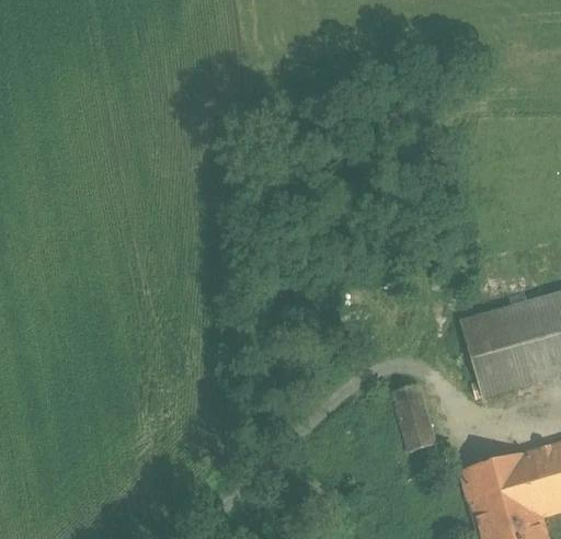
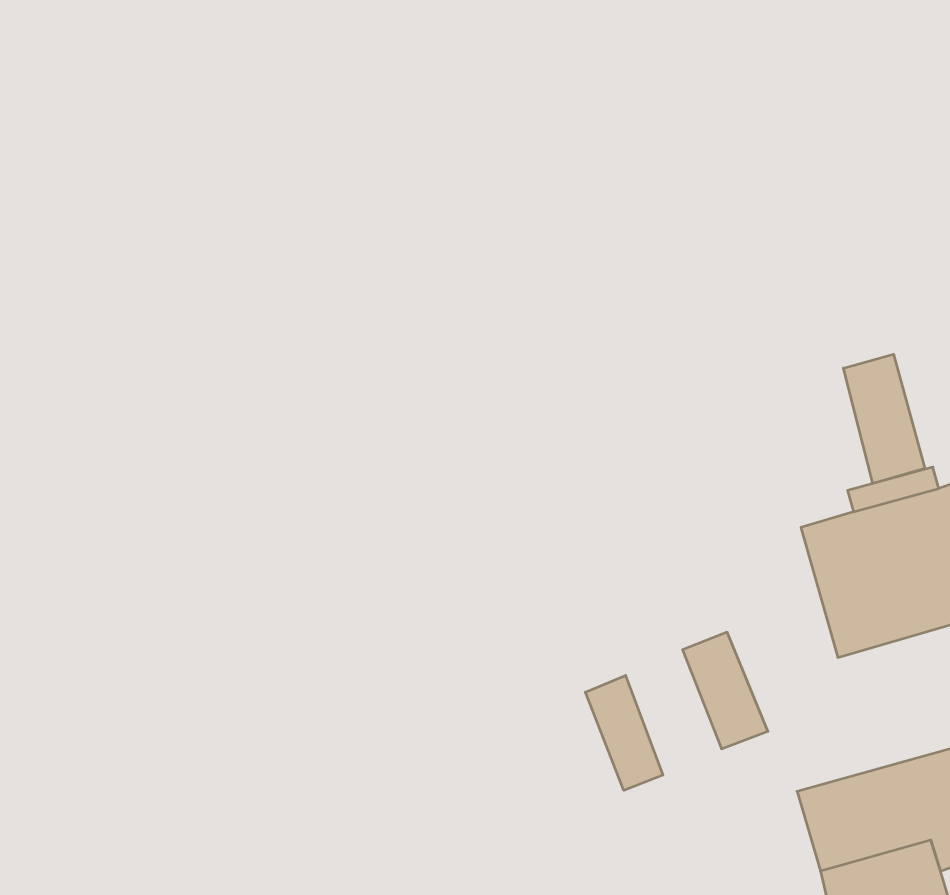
building: none -> [843,354,925,484]
building: none -> [585,675,663,790]

